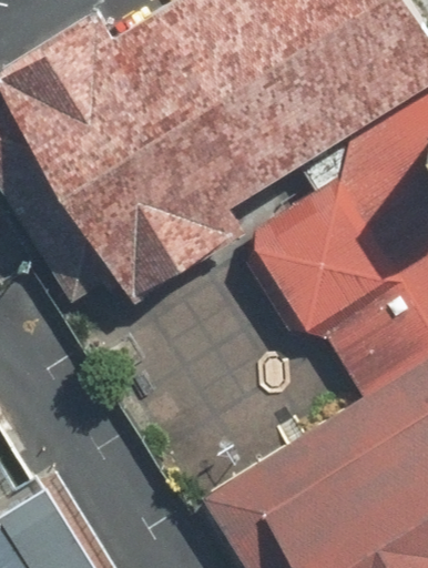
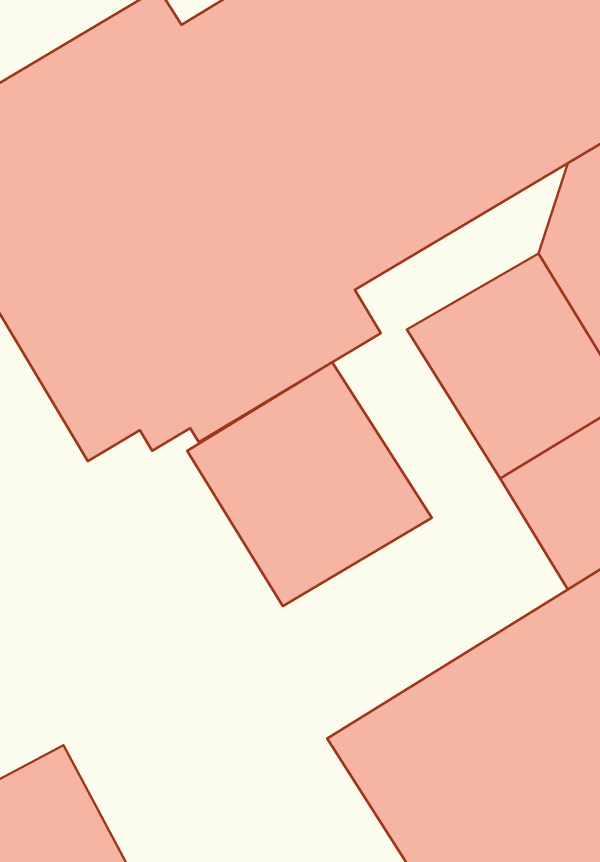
building: none -> [187,362,432,606]

